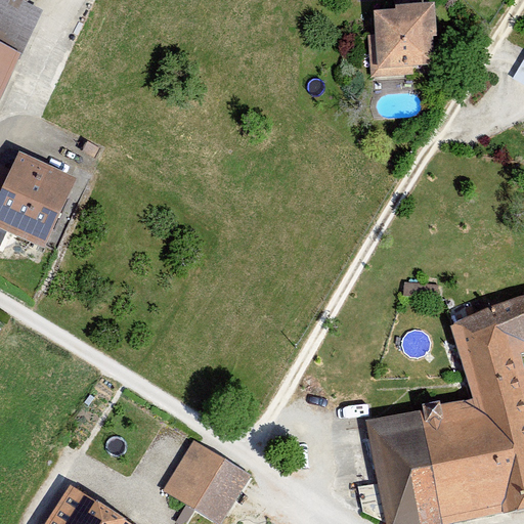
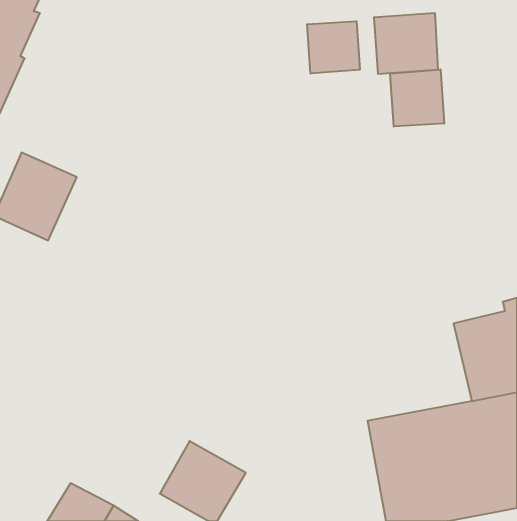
building: none -> [307,21,360,74]
building: none -> [390,69,444,127]

